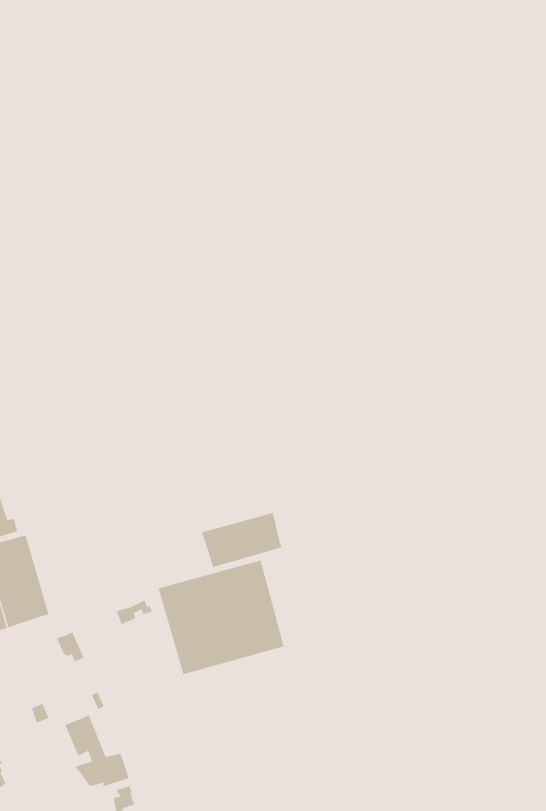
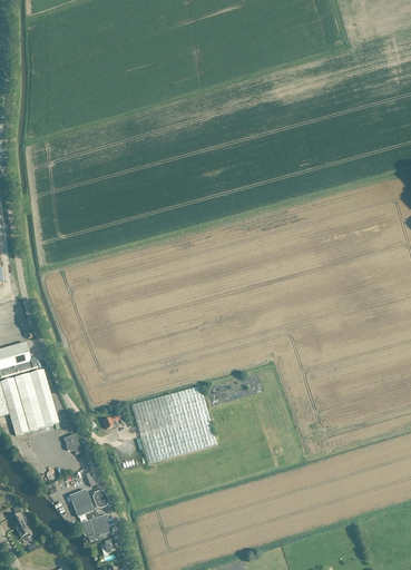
building: [202,512,282,568] -> none

